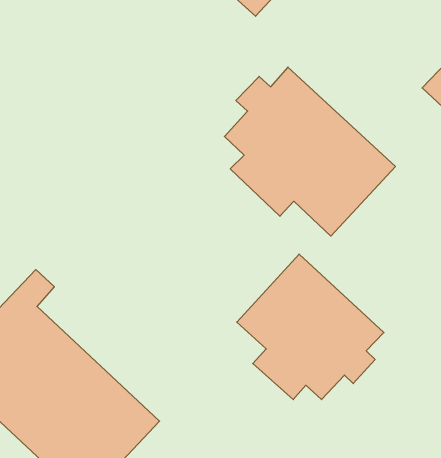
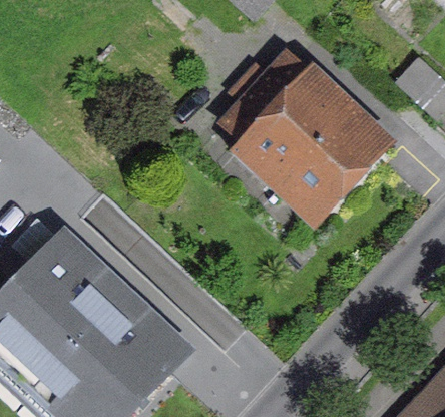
building: [237,254,384,400] -> none

